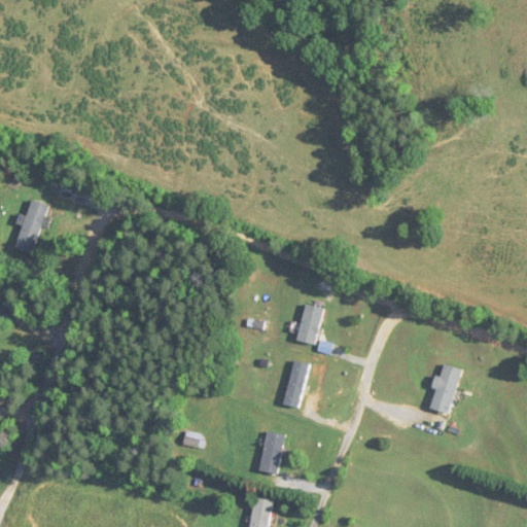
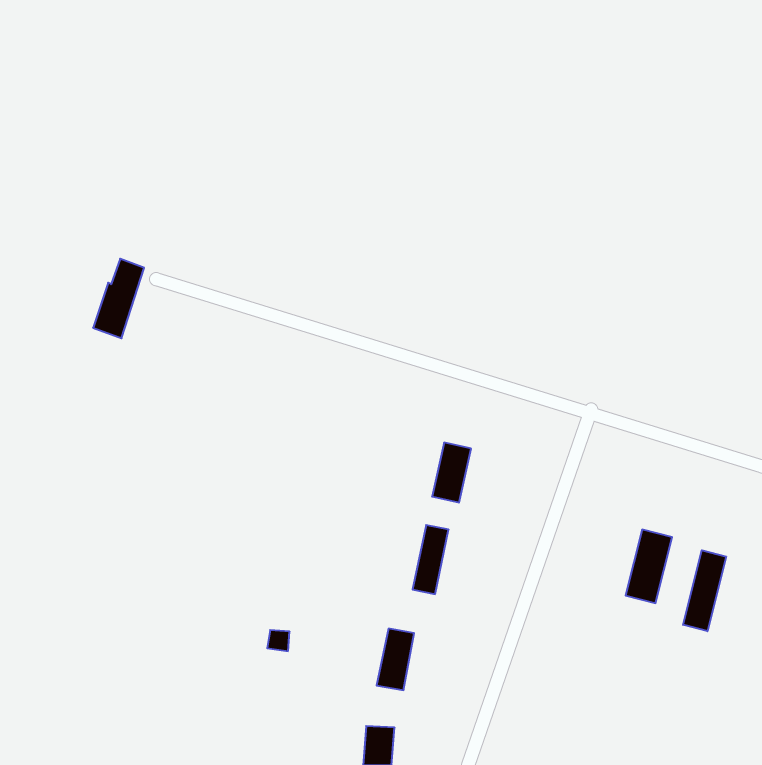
building: [13,200,48,254] -> [93,259,144,338]
building: none -> [683,550,726,631]

